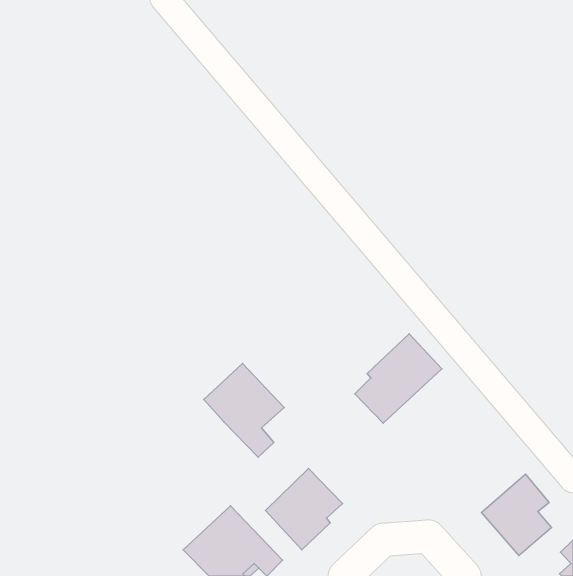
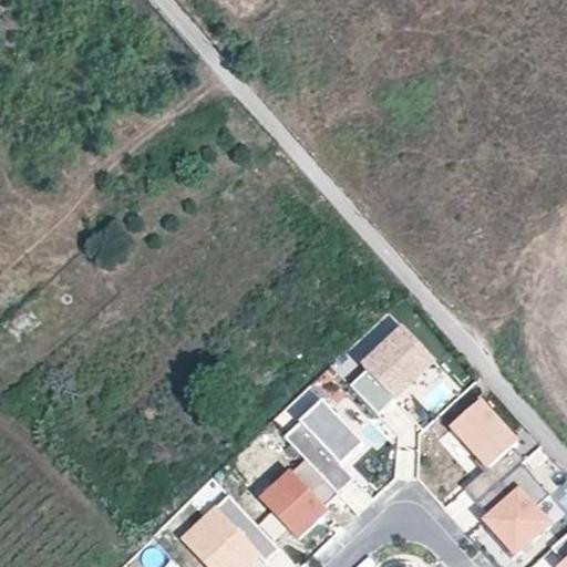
building: [204,363,284,457] -> [282,401,361,493]
building: none -> [449,401,520,502]

